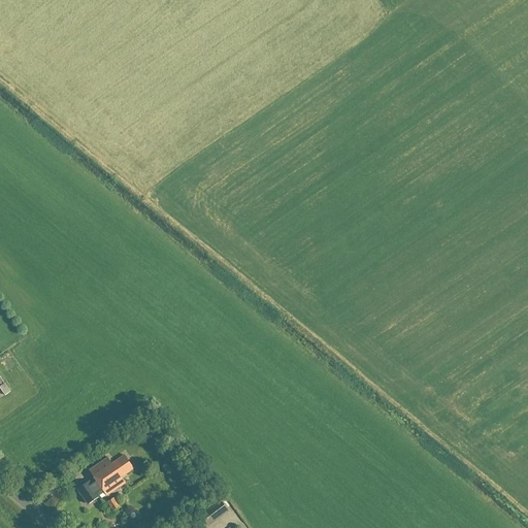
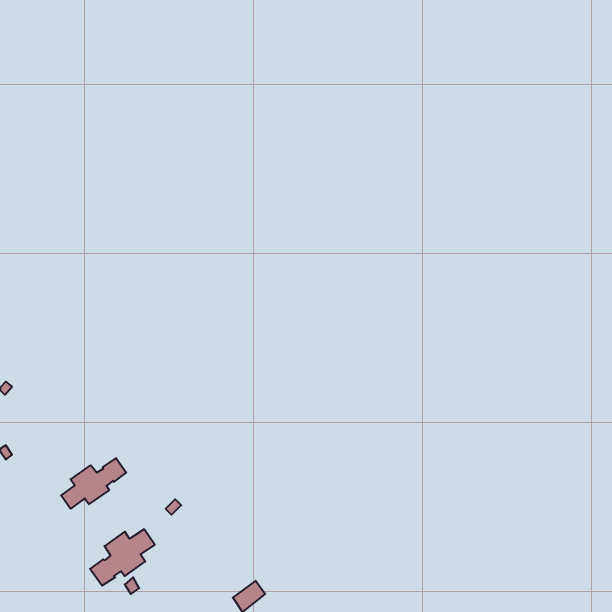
building: none -> [61,458,126,509]

